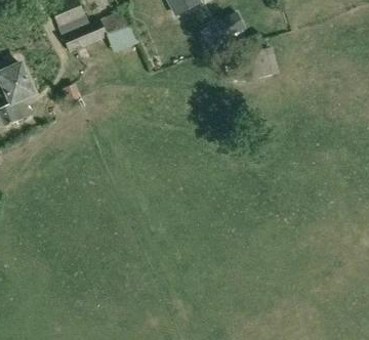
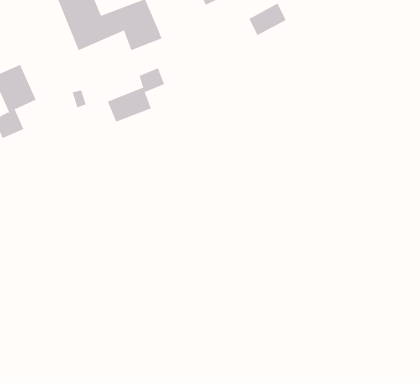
building: none -> [107,68,165,123]

